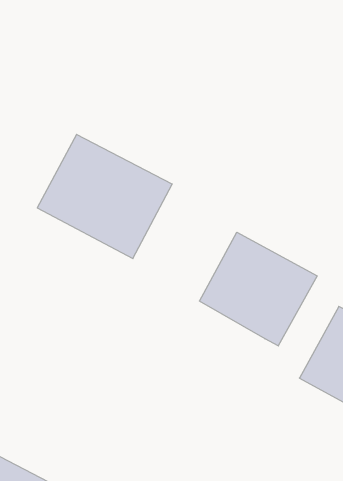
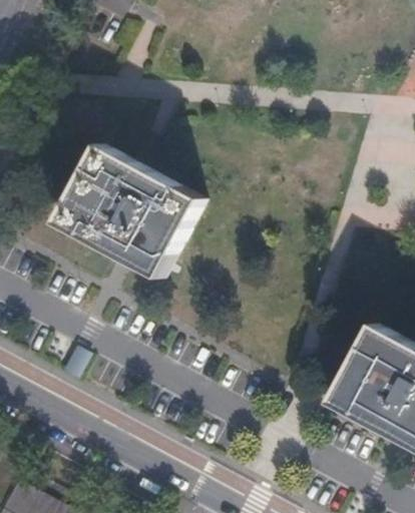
building: [199,232,317,346] -> none

